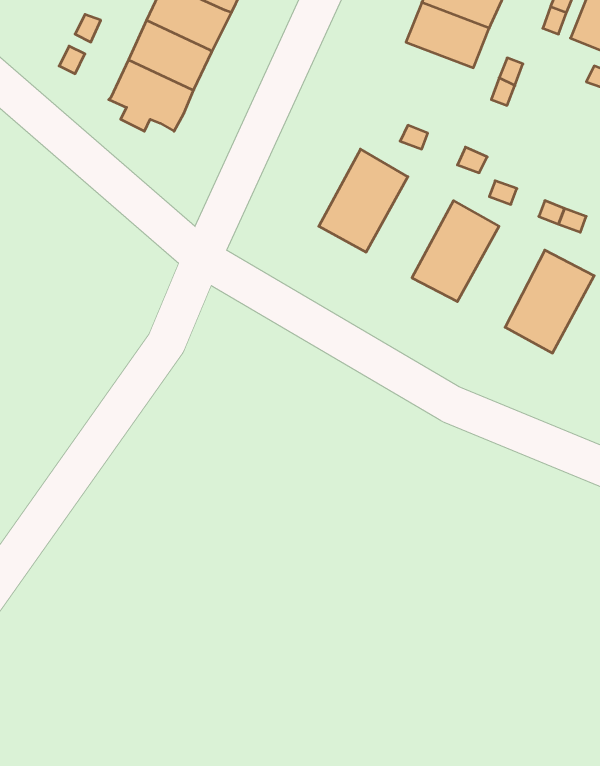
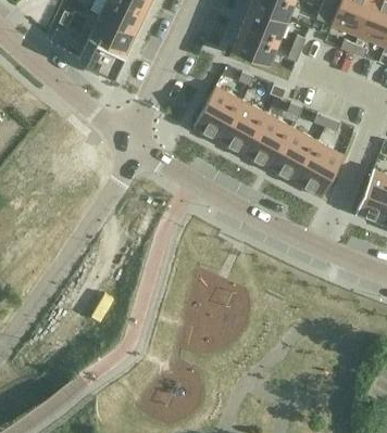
building: none -> [233,27,278,65]
building: none -> [220,101,267,156]
building: none -> [270,128,317,183]

